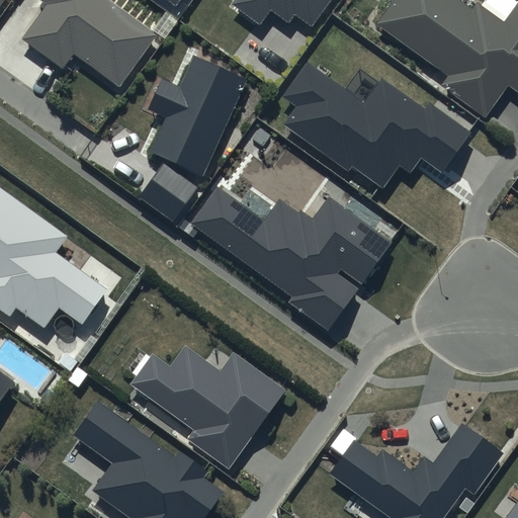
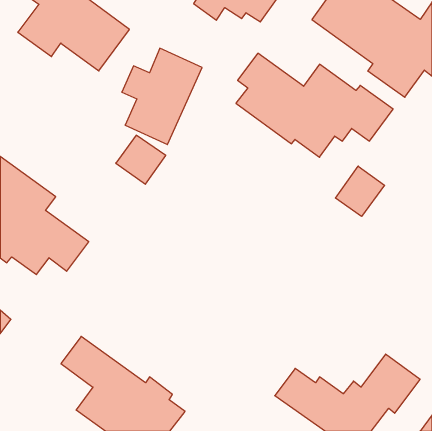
building: [192,186,393,330] -> none
building: none -> [335,166,385,216]
building: [131,345,284,467] -> none

